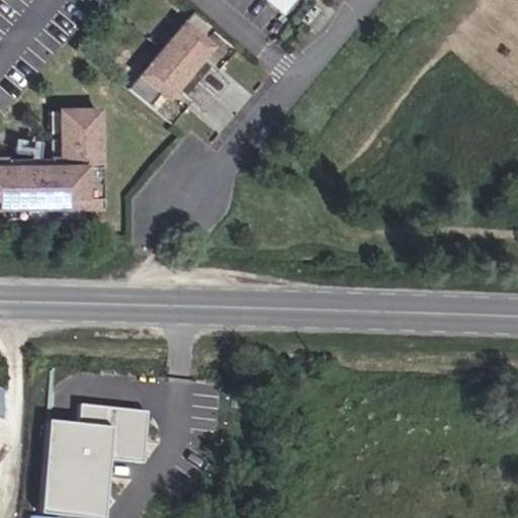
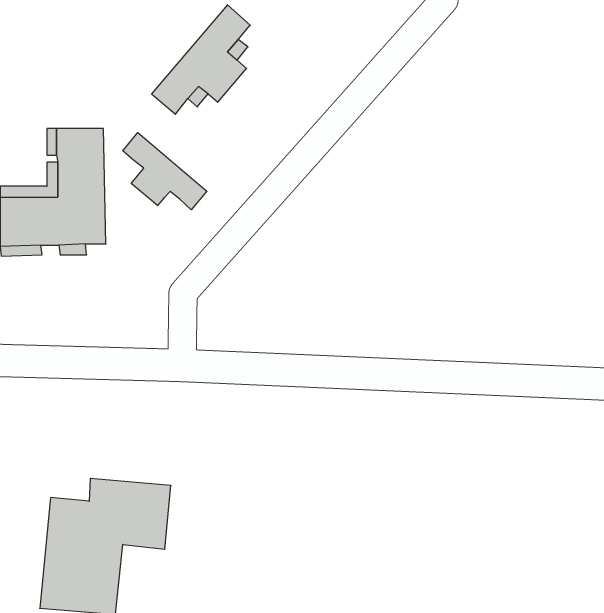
building: none -> [123,133,207,210]

